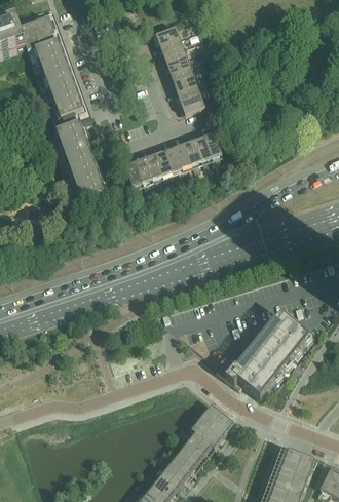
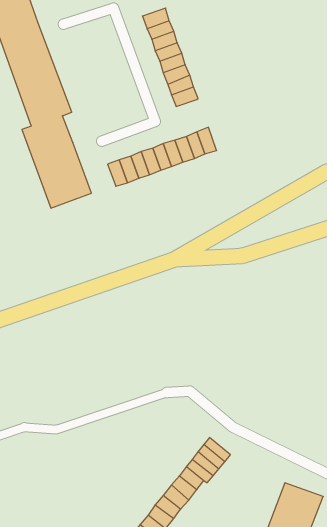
building: [215,313,314,398] -> none

